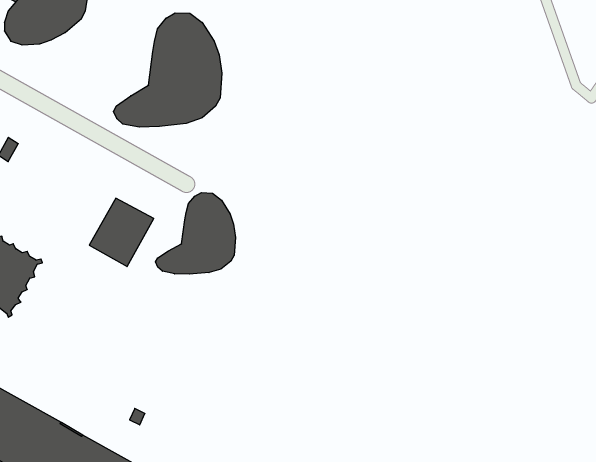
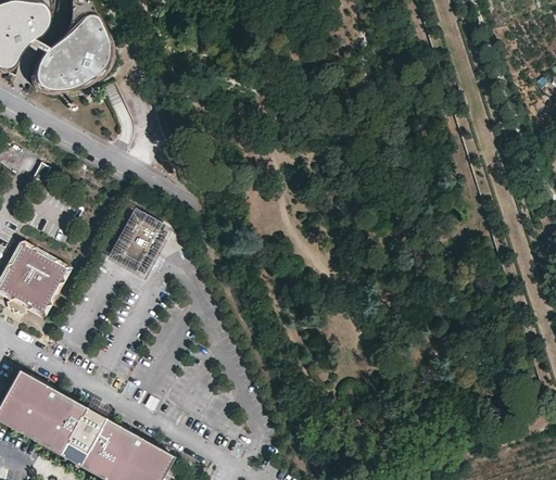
building: [113,13,222,127] -> none
building: [155,193,236,274] -> none

